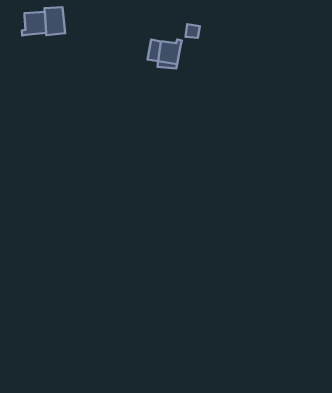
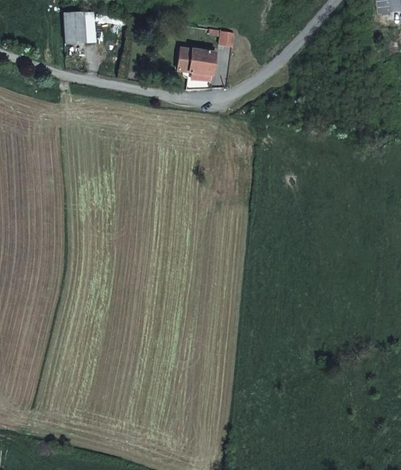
building: [22,12,46,36] -> none

